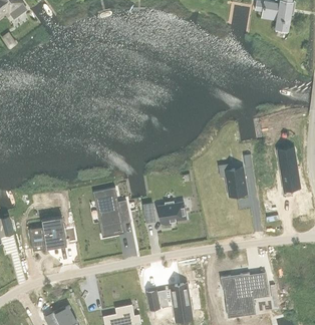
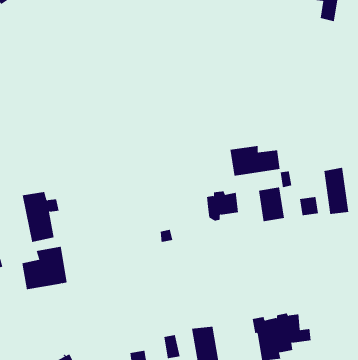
building: none -> [230,145,280,177]
building: [96,195,127,237] -> [22,191,59,242]
building: [158,201,185,226] -> [206,191,239,221]

